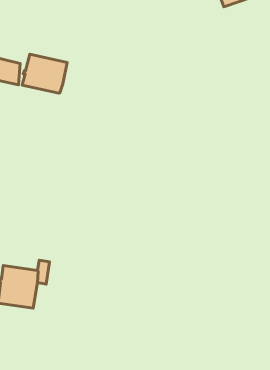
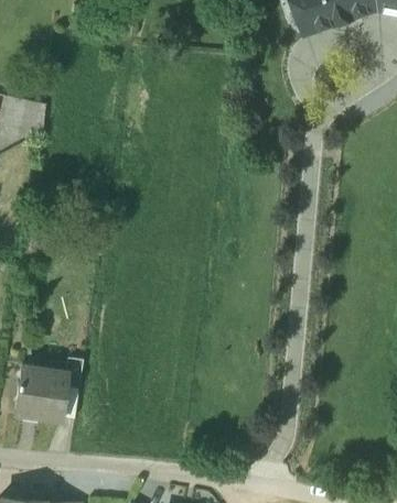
building: [22,54,67,93] -> none

